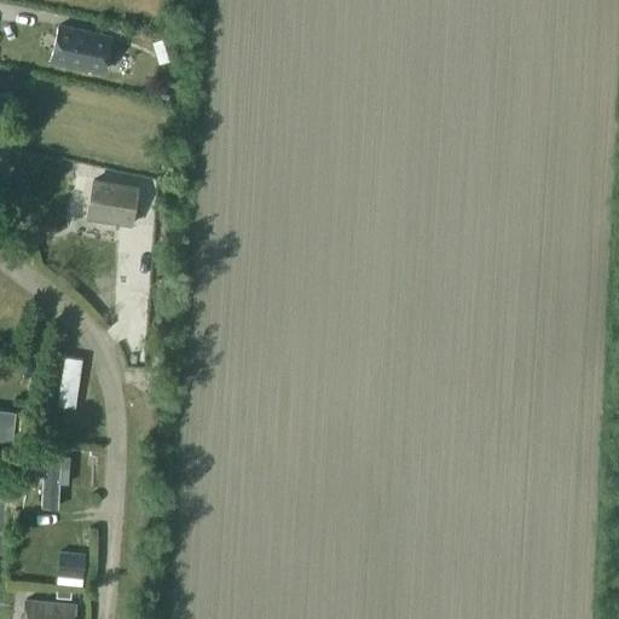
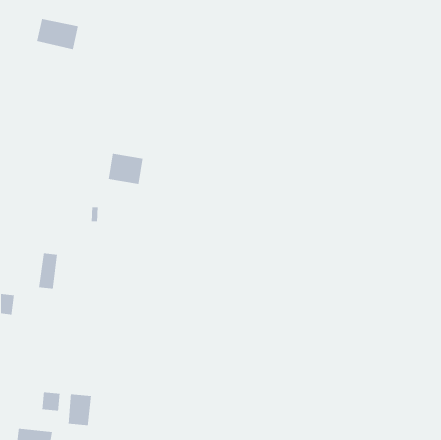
building: [88,181,138,226] -> [108,153,143,185]
building: [39,453,71,507] -> none
building: none -> [68,393,92,426]

